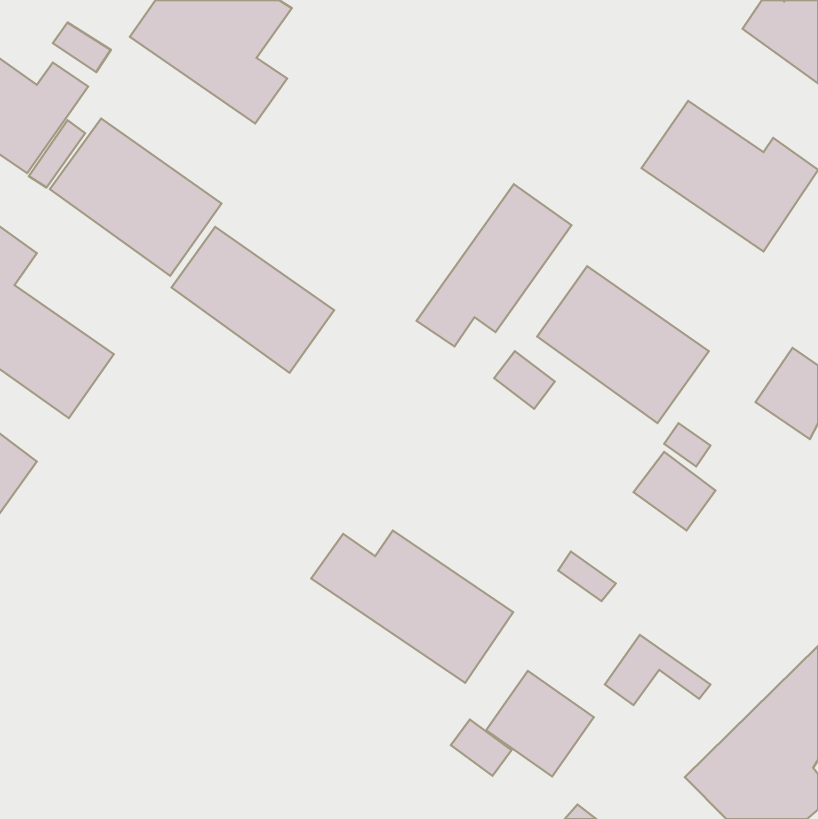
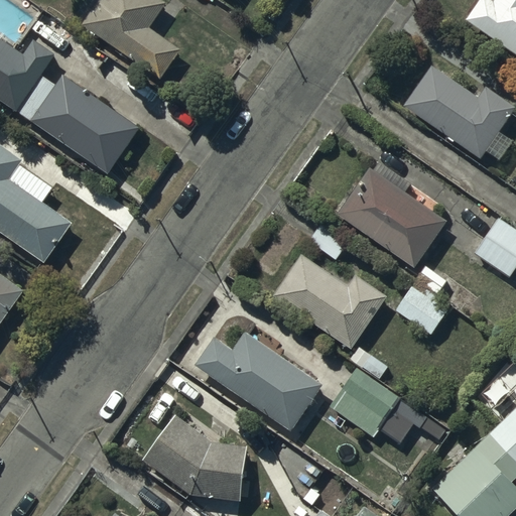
building: [416,184,572,346] -> none
building: [171,227,334,373] -> none
building: none -> [272,253,387,350]
building: none -> [144,415,247,500]
building: [486,671,594,777] -> [331,369,398,435]

